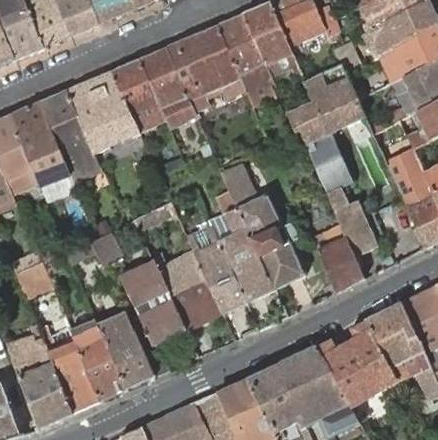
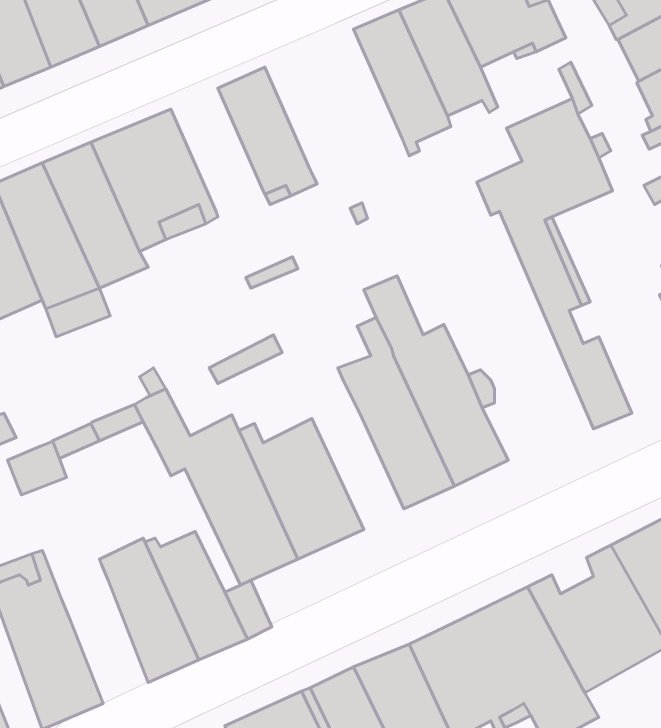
building: [166,25,245,106] -> none
building: [112,59,165,130] -> none
building: [319,224,365,293] -> none
building: [188,227,246,313] -> none
building: [39,325,99,413] -> none

